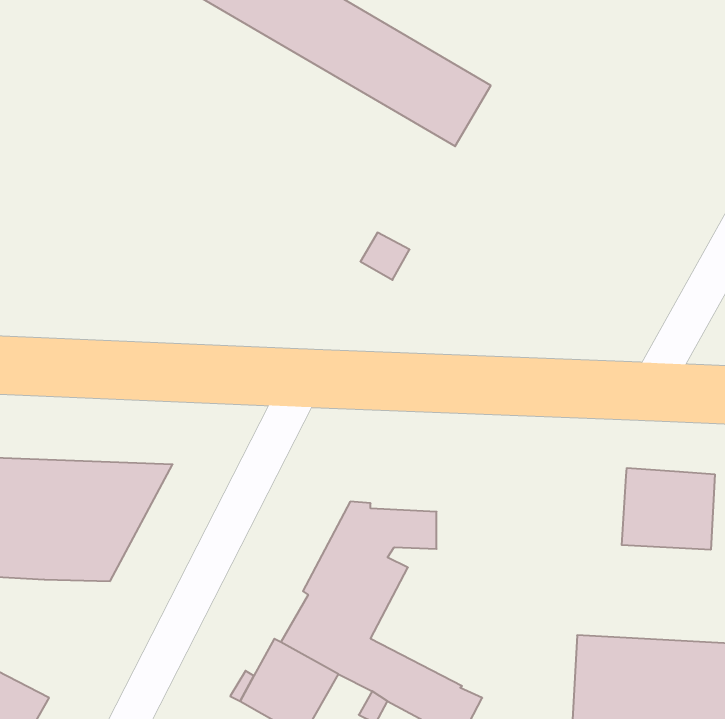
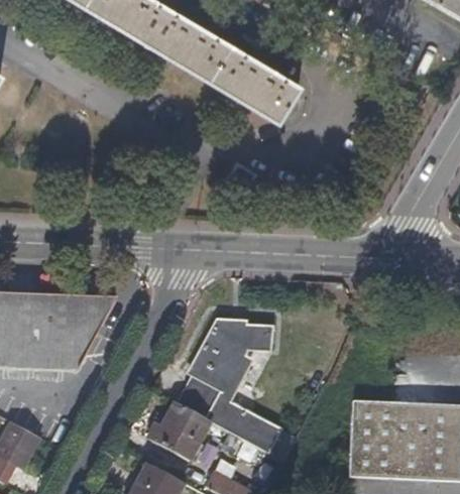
building: [622,468,715,550] -> none

